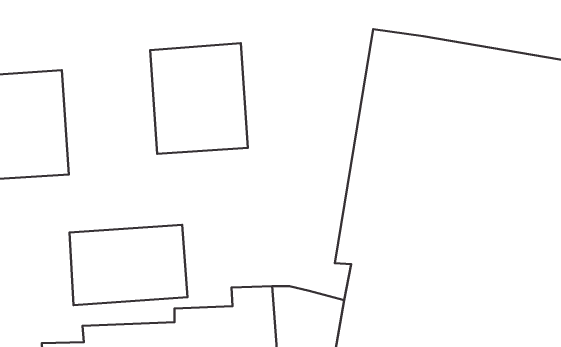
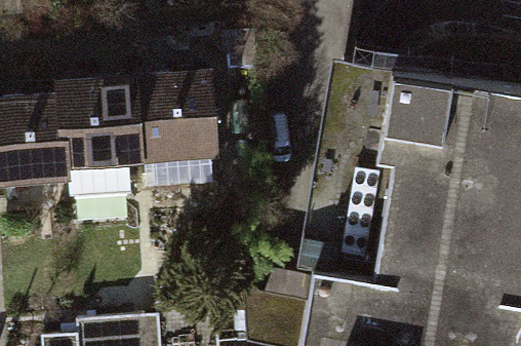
building: none -> [59,80,147,204]
building: [70,225,187,305] -> none

